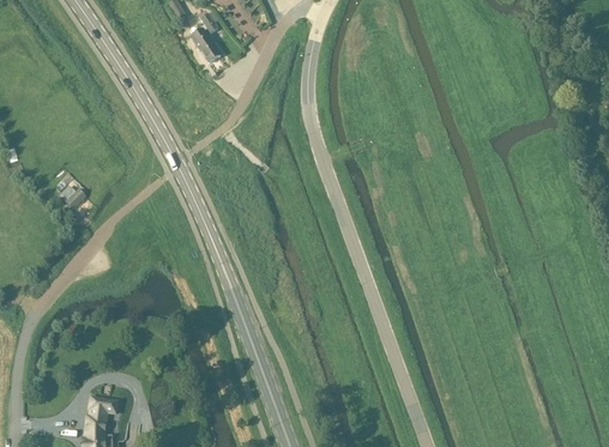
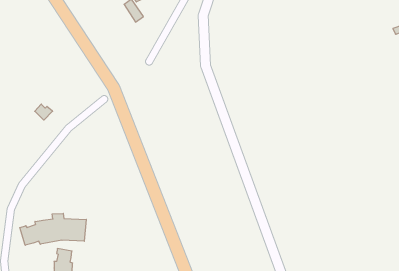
building: none -> [20,213,86,245]

